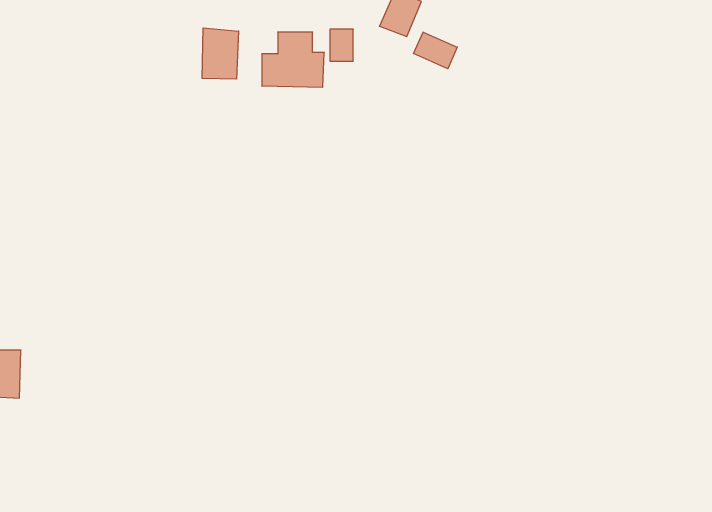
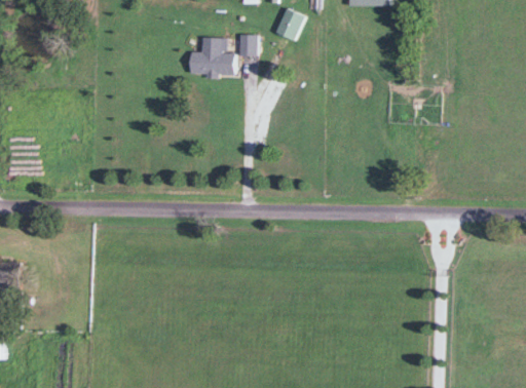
building: [202,28,239,79] -> none
building: [414,32,457,69] -> none

